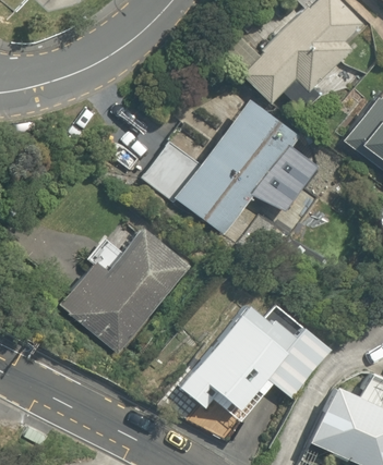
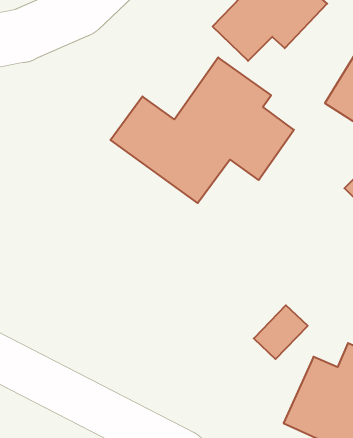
building: [57,216,190,353] -> none
building: [189,314,285,411] -> none

